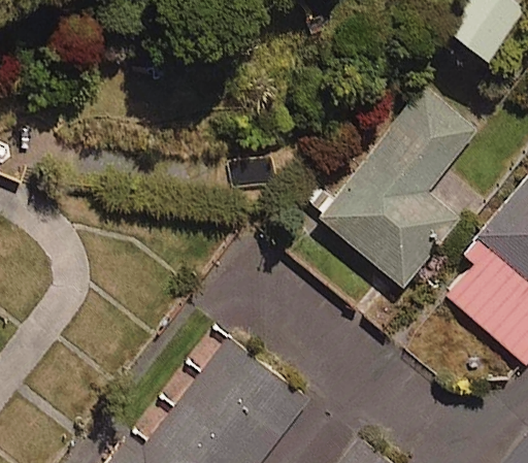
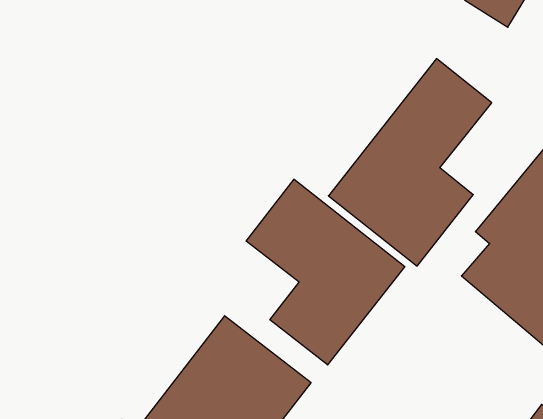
building: none -> [246,179,405,365]

